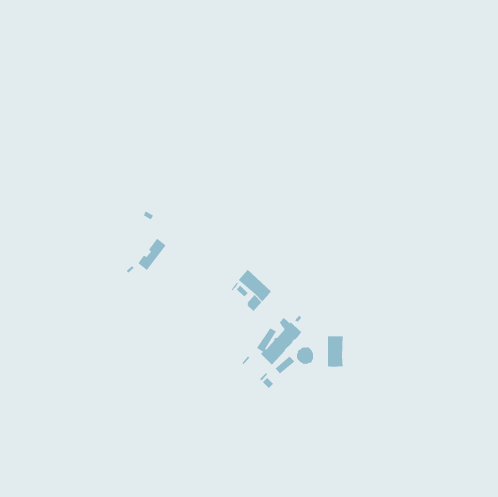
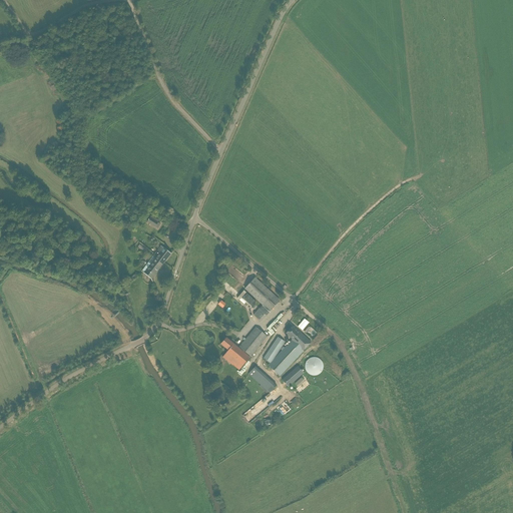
building: none -> [221,327,267,370]
building: [327,335,343,367] -> none

